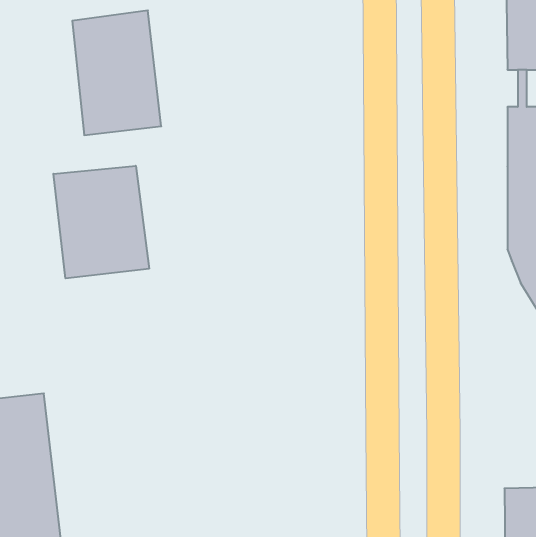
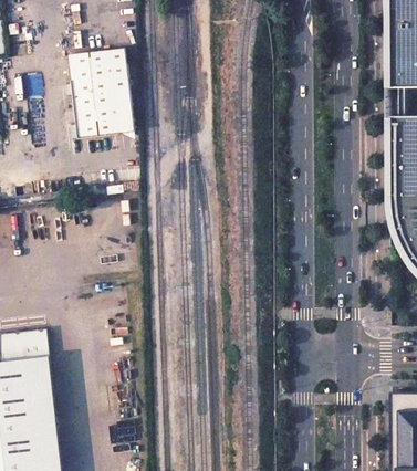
building: [53,166,149,278] -> none

